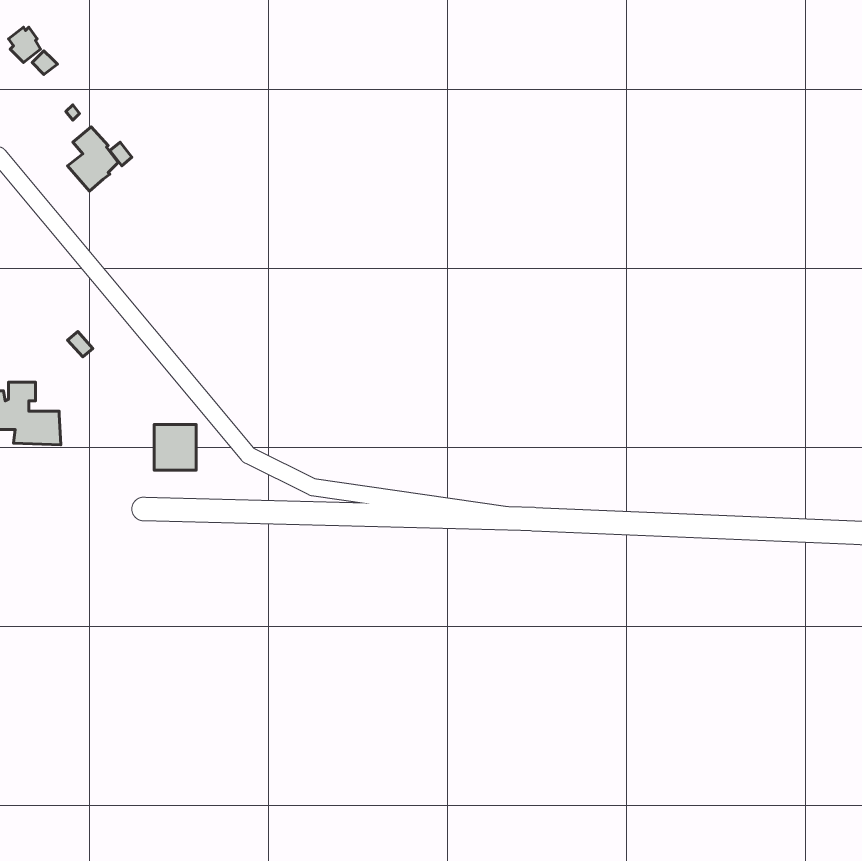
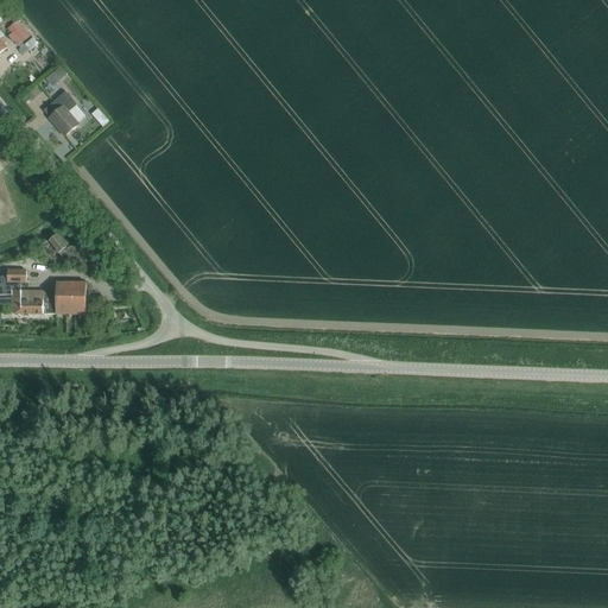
building: [154,425,196,470] -> [55,280,84,312]

